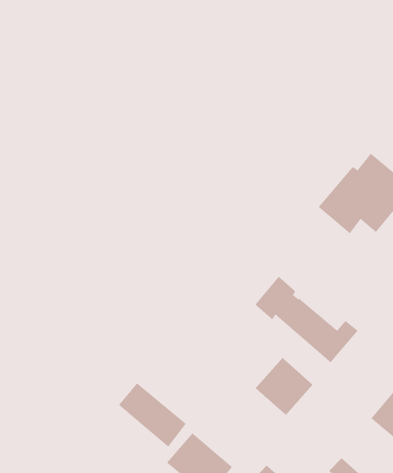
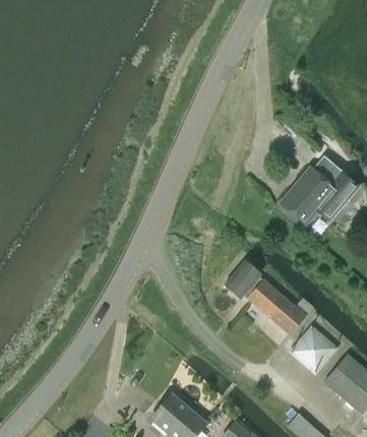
building: [255,357,314,416] -> [289,325,339,375]
building: [118,382,187,447] -> none

